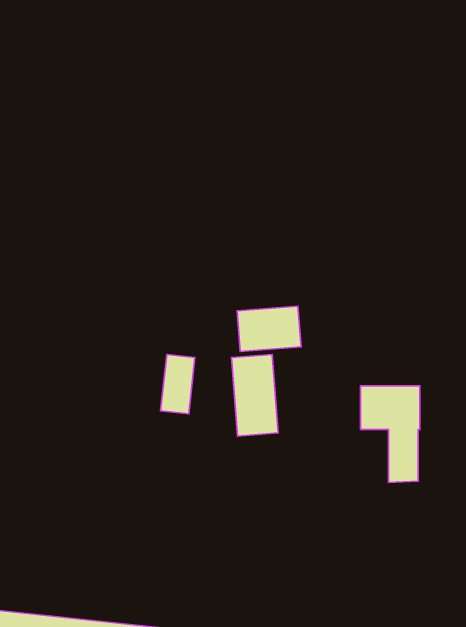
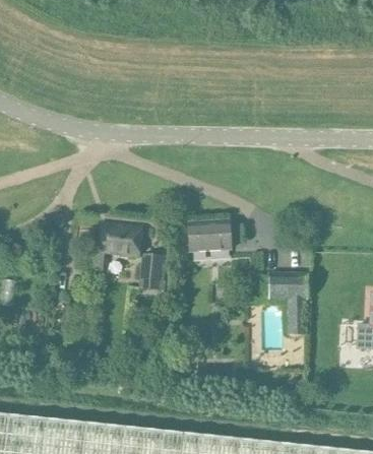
building: none -> [98,224,140,256]
building: [232,354,278,436] -> none

